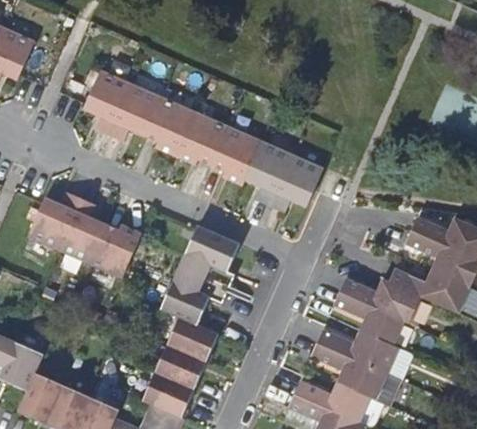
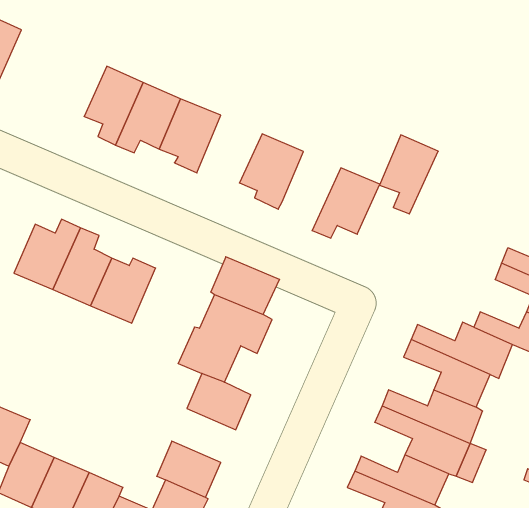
building: [173,109,225,163] -> none
building: [241,138,288,201] -> [379,135,438,214]
building: [153,343,204,386] -> none

